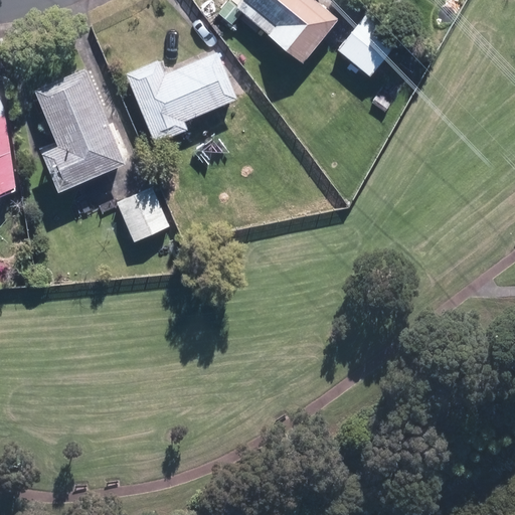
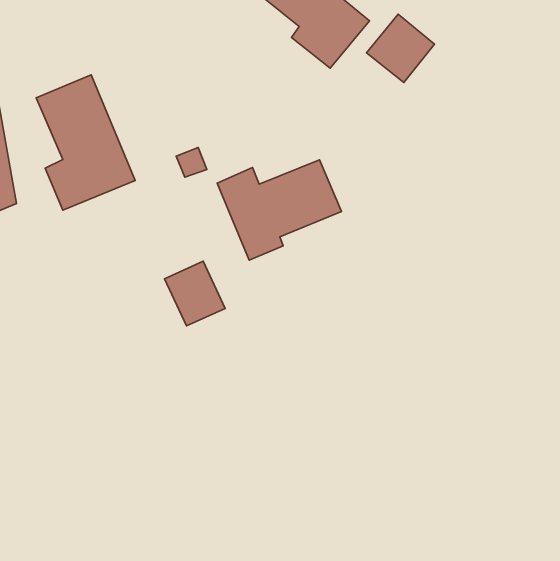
building: [125,51,238,143] -> [217,160,342,260]
building: [116,185,171,244] -> [165,261,225,326]

